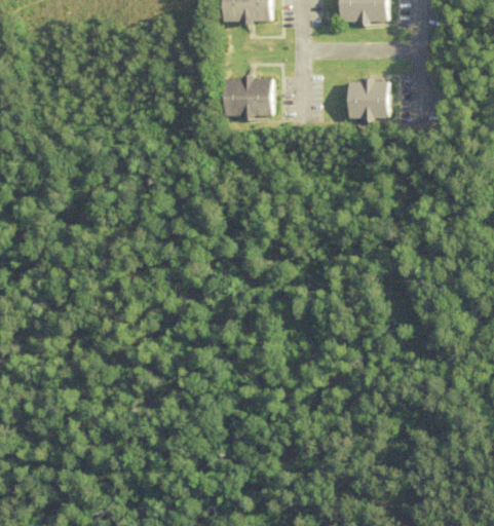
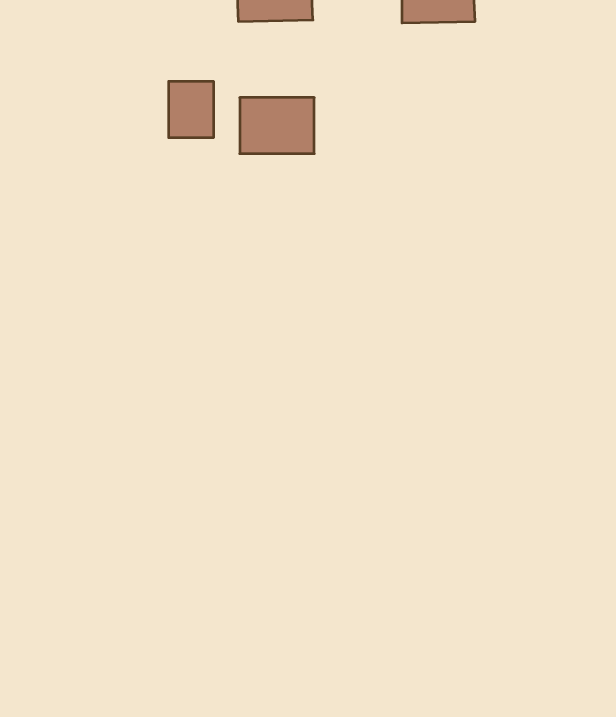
building: none -> [169,81,213,138]
building: [343,79,389,118] -> none

